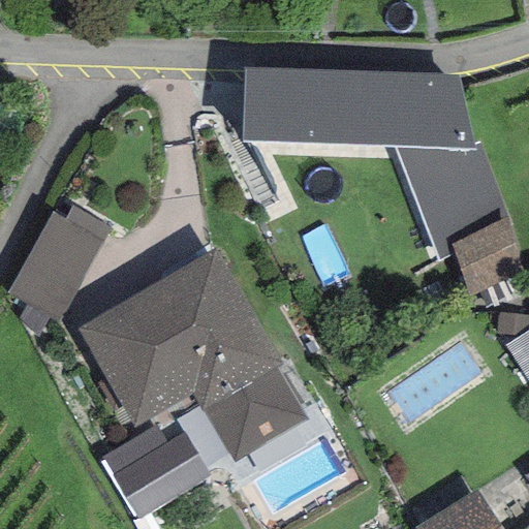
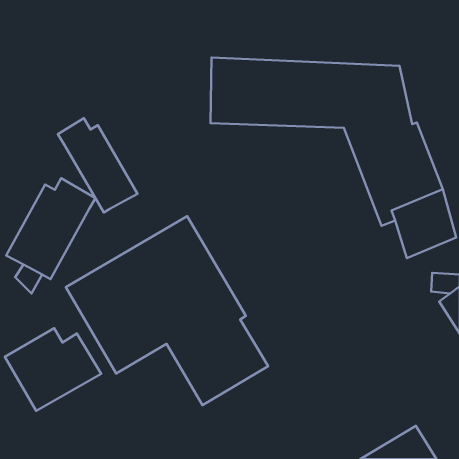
building: none -> [58,118,138,212]
building: [100,424,211,519] -> [5,328,101,411]

